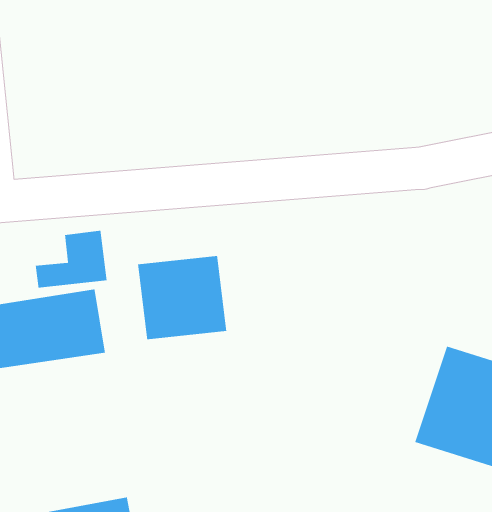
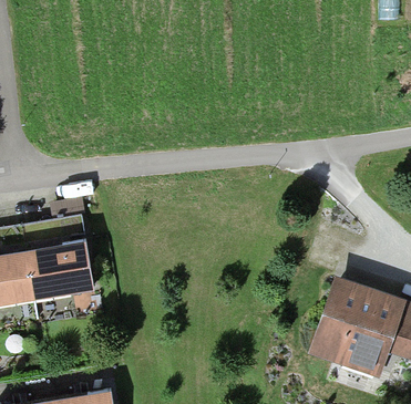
building: [137,255,227,340] -> none

